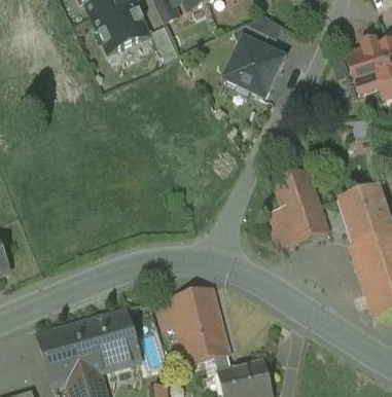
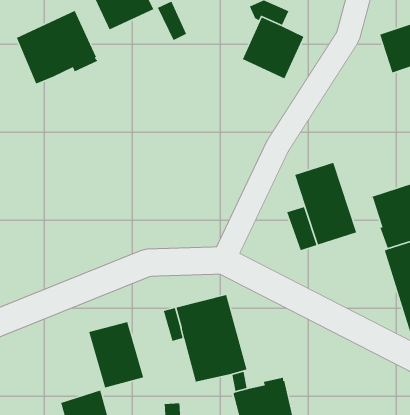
building: none -> [16,10,98,84]
building: [38,318,104,384] -> none

